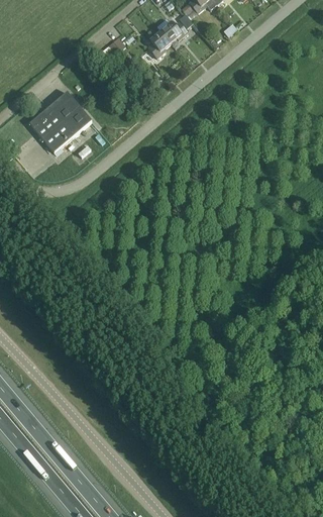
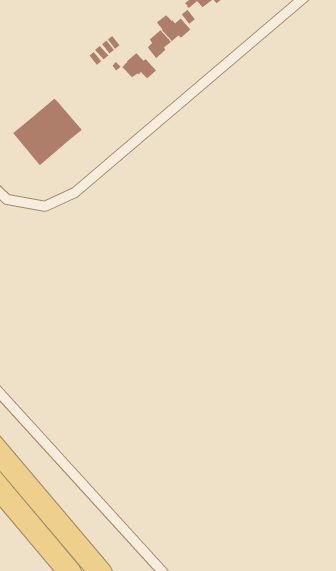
building: none -> [121,52,157,79]

